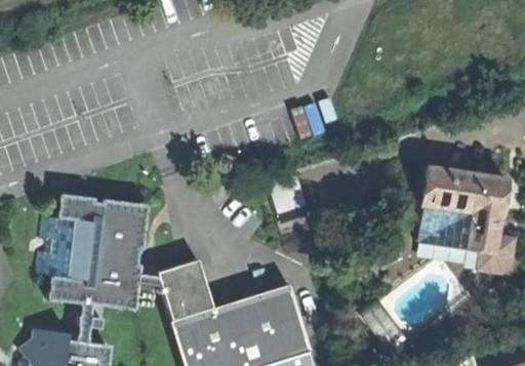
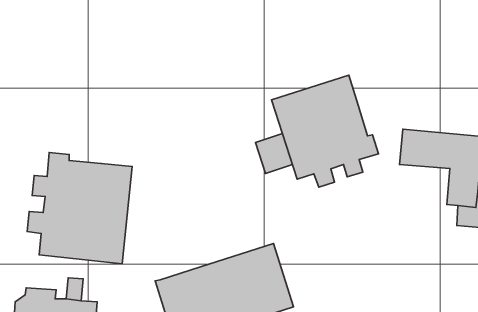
building: none -> [272,75,378,187]
building: [416,206,471,247] -> none
building: [158,260,215,324] -> none

